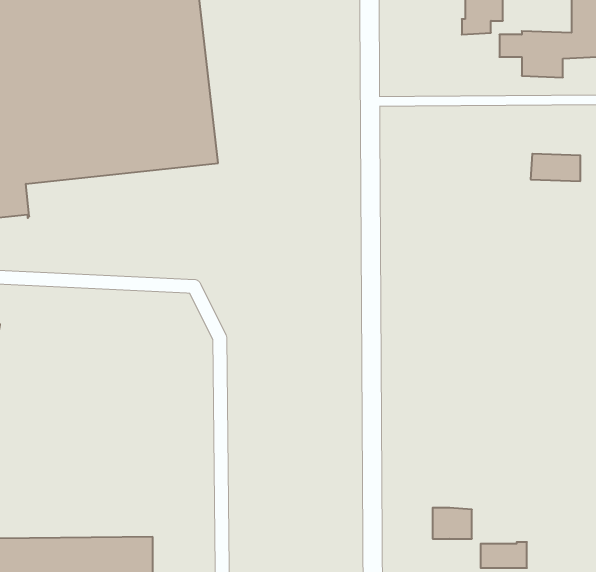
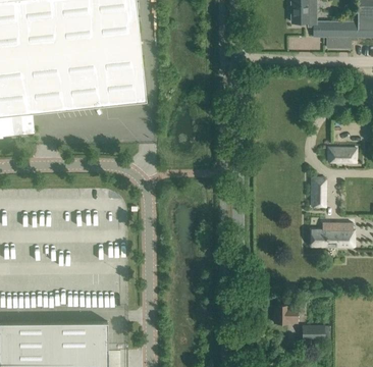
building: [531,154,580,181] -> [327,148,357,164]
building: none -> [310,177,325,206]
building: none -> [311,223,355,248]

